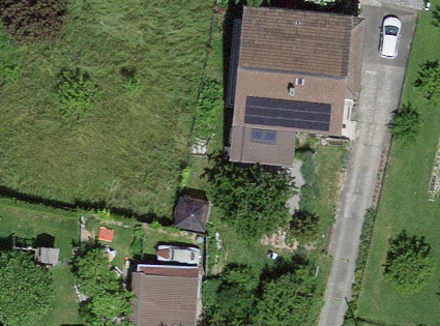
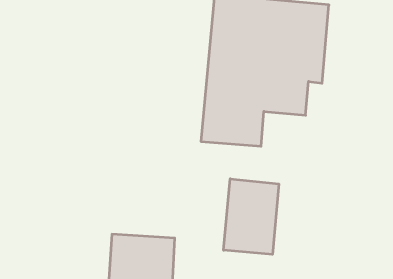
building: none -> [224,179,279,254]

